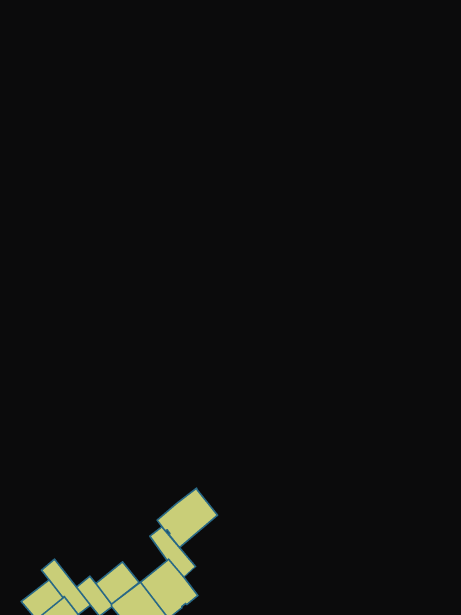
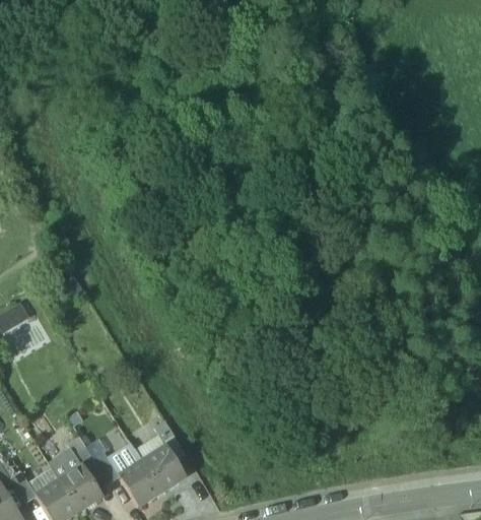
building: [157,488,218,548] -> none

